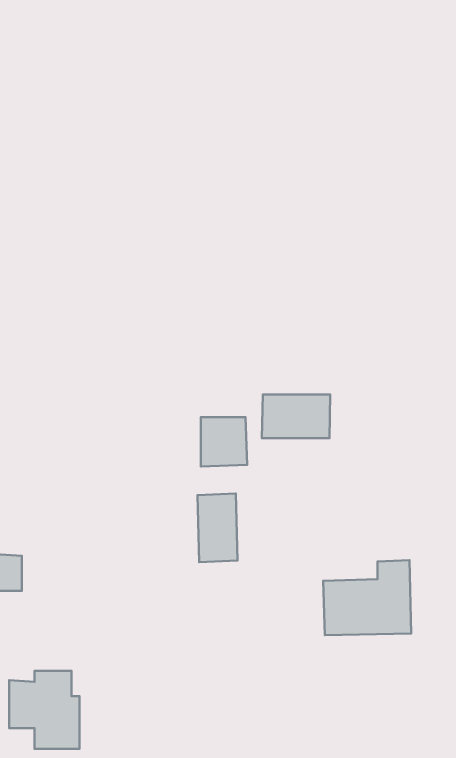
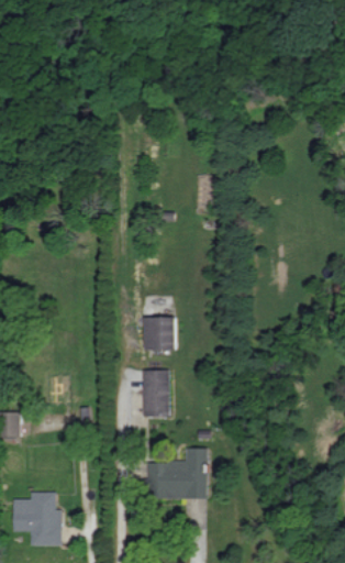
building: [262,395,330,438] -> none
building: [323,560,411,635] -> [147,448,208,499]

